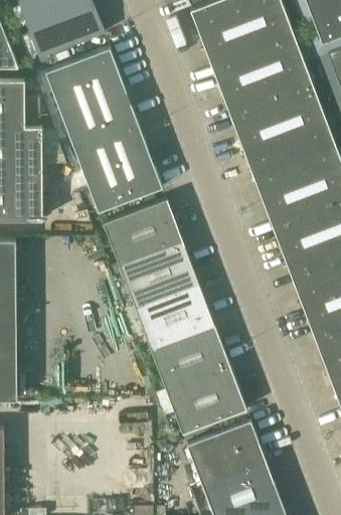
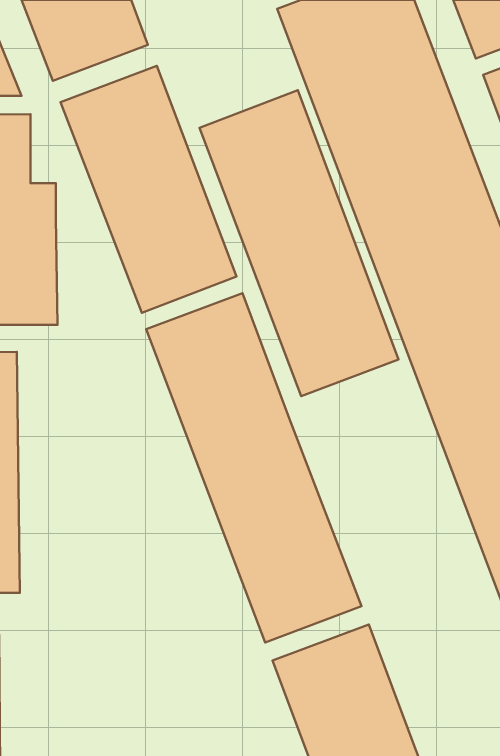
building: none -> [199,90,398,396]

